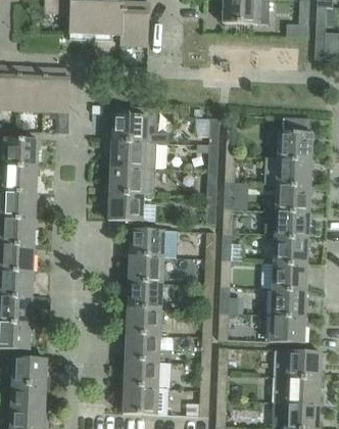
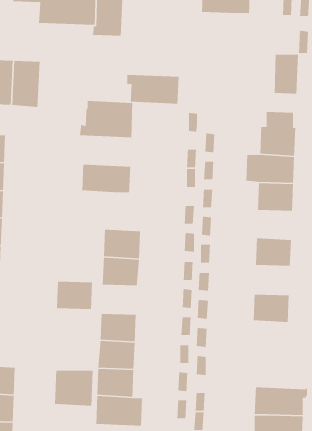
building: none -> [274,54,299,95]
building: [107,139,157,168] -> [127,74,179,104]
building: [108,191,144,220] -> none
building: [262,208,309,237] -> none
building: [273,261,307,289] -> none
building: [128,280,162,307] -> [56,281,93,310]
building: [270,314,305,342] -> none
building: [274,348,322,378] -> none
building: none -> [54,370,93,406]

